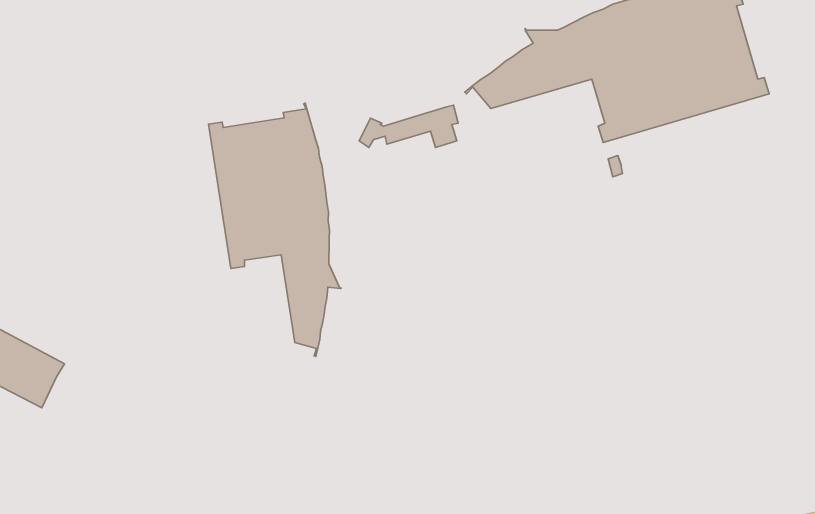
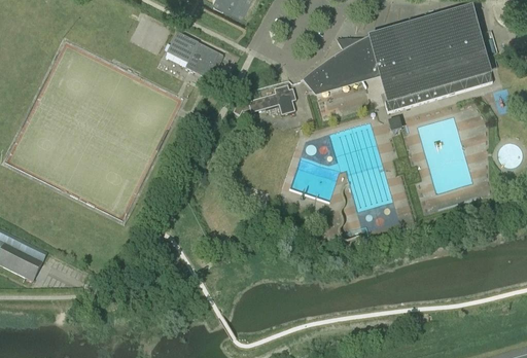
building: none -> [167,33,219,79]
building: [209,103,341,357] -> none

